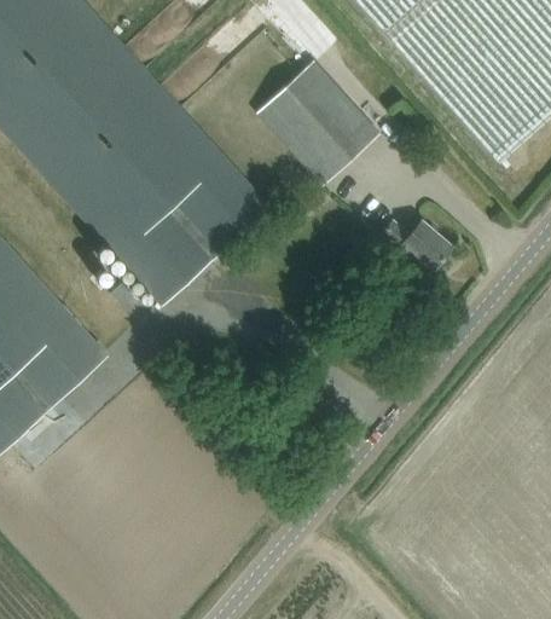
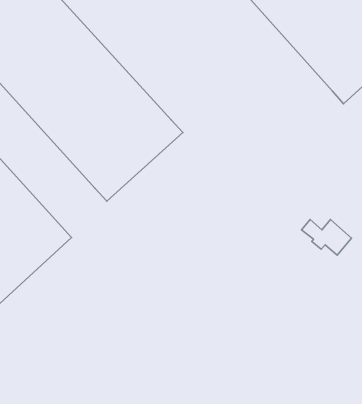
building: [257,59,378,184] -> none
building: [381,220,452,271] -> [302,220,351,255]

